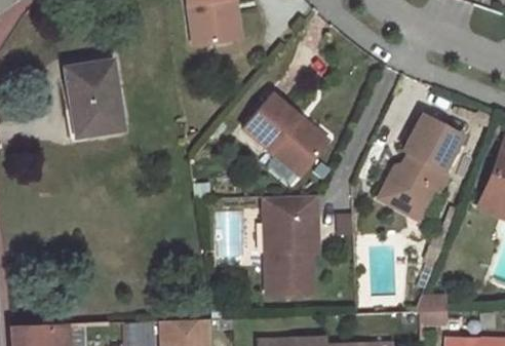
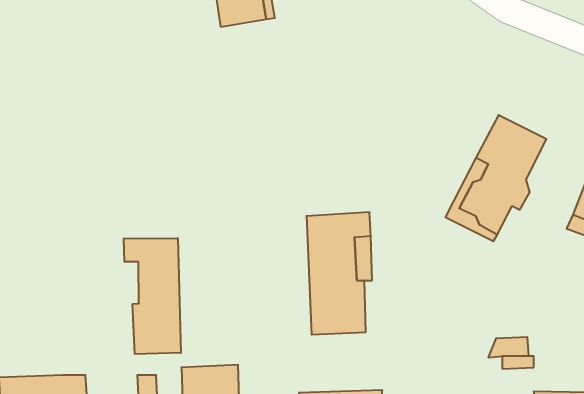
building: [66,62,124,137] -> none
building: [243,93,322,175] -> none
building: none -> [124,238,181,354]

